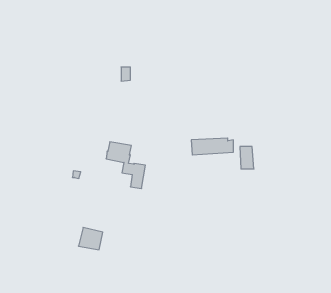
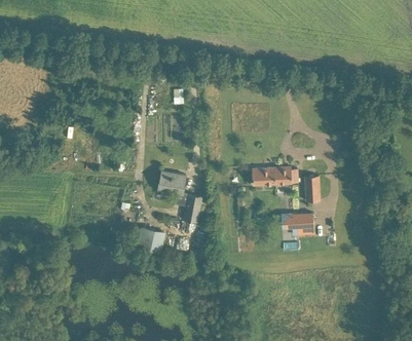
building: none -> [288,212,313,233]
building: [78,227,103,250] -> [136,226,162,251]

